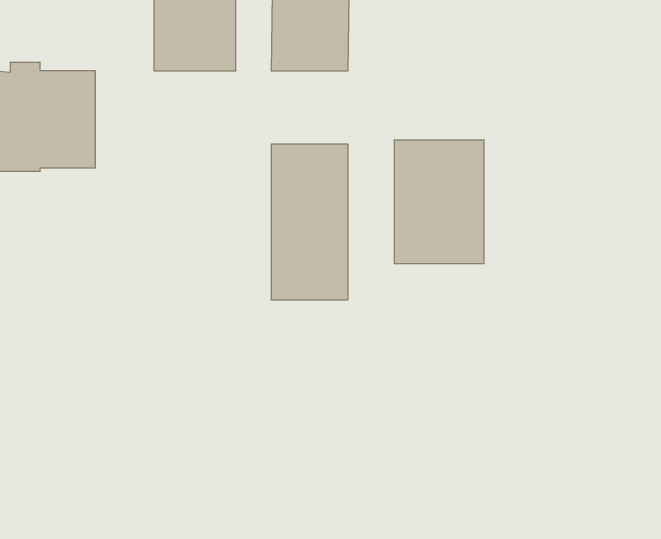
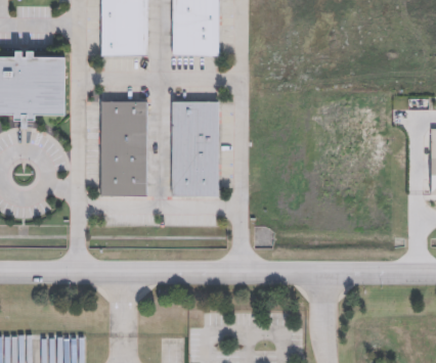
building: [394,140,484,264] -> none
building: none -> [99,101,149,197]

